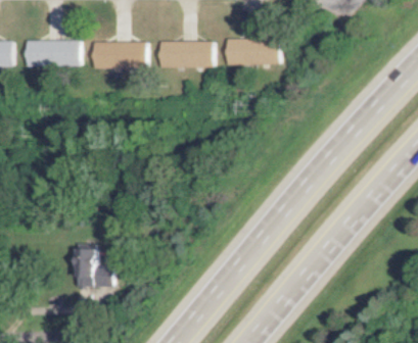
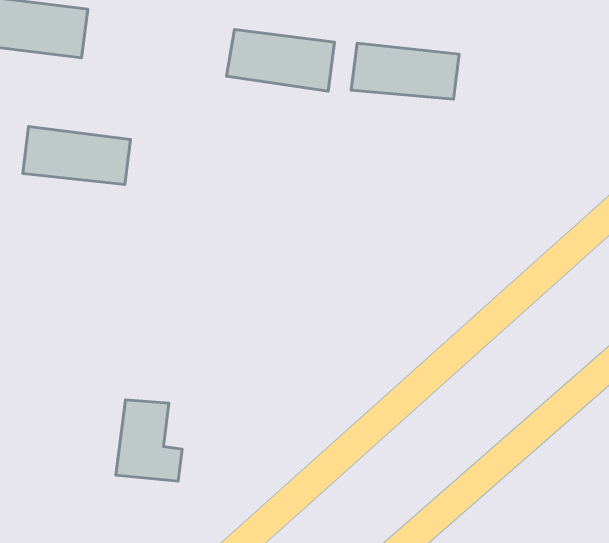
building: [90,43,145,68] -> [23,127,130,185]
building: [77,246,110,288] -> [116,400,182,481]

